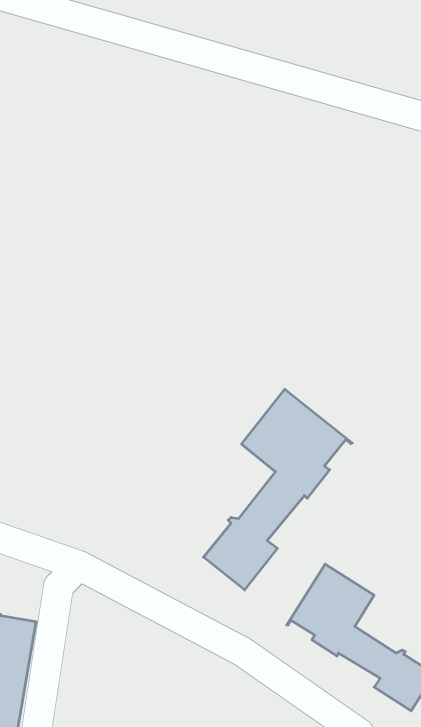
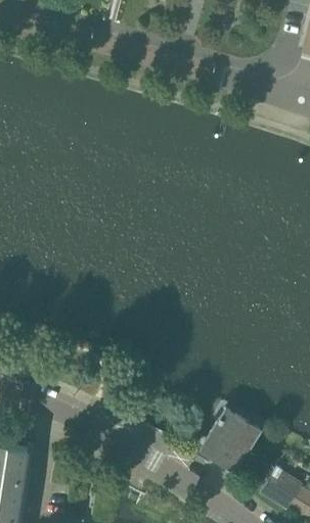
building: [203,389,352,590] -> none

